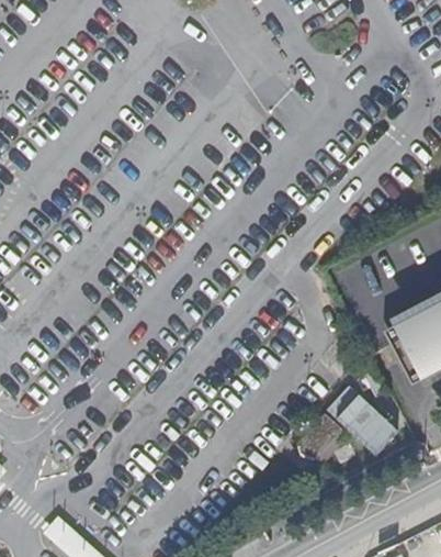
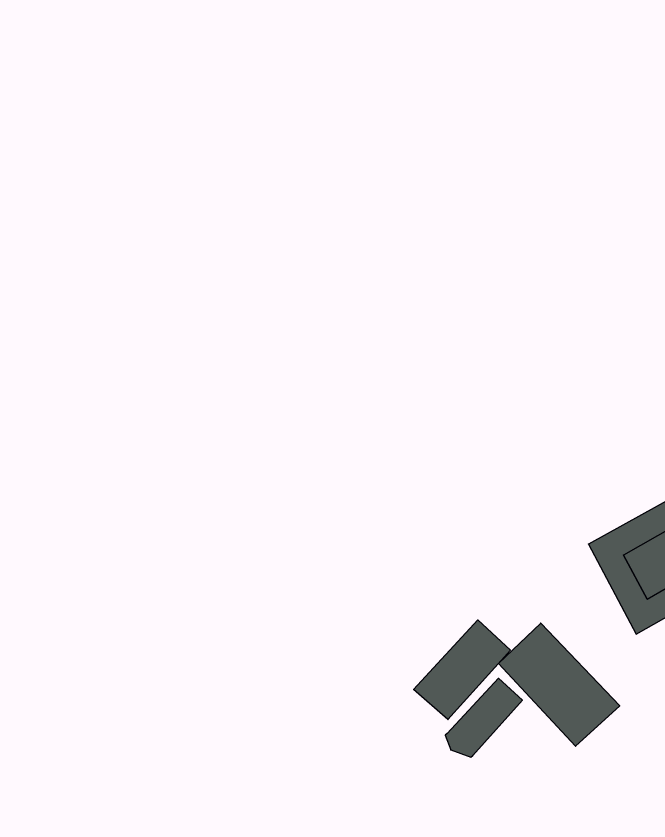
building: none -> [414,620,510,720]

